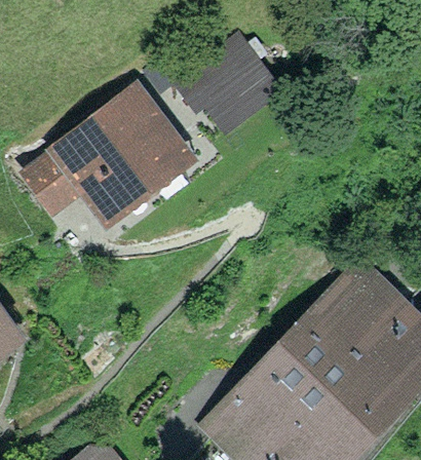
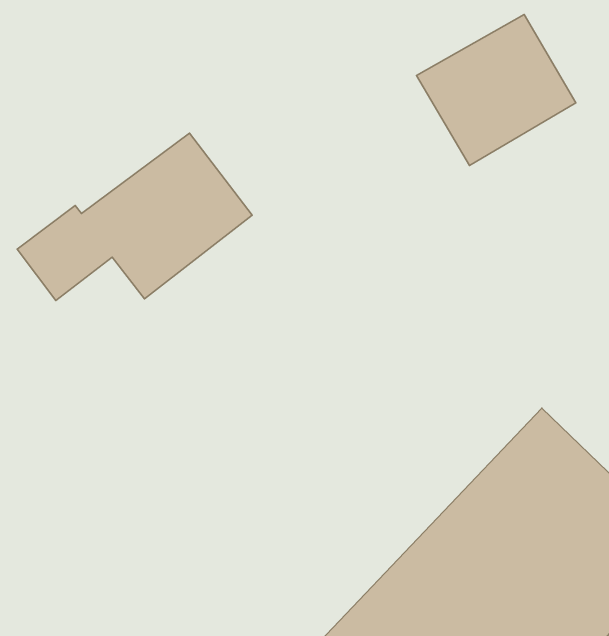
building: [171,26,273,122] -> [416,14,576,166]

